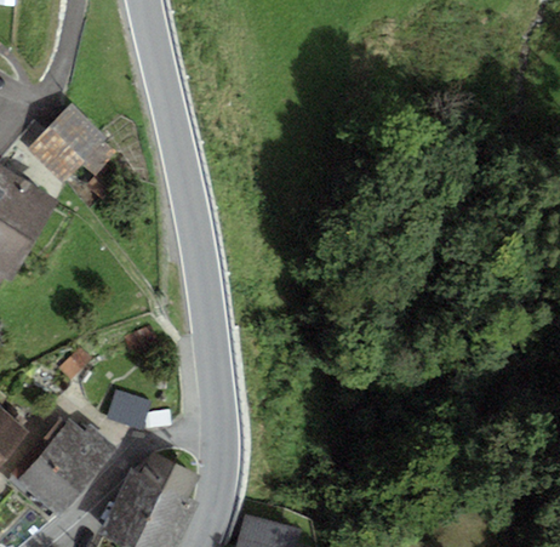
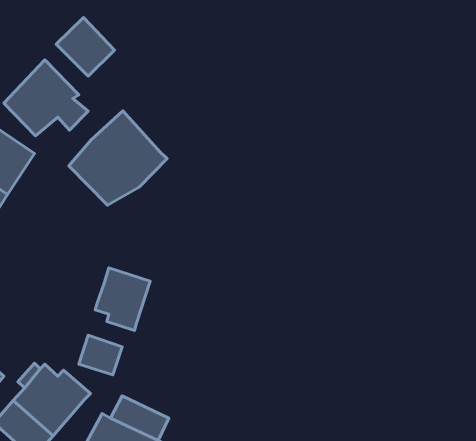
building: none -> [56,18,114,76]
building: none -> [69,111,167,205]
building: none -> [95,268,150,331]

